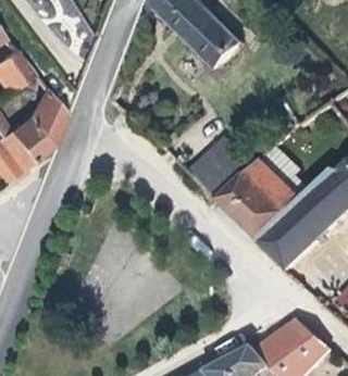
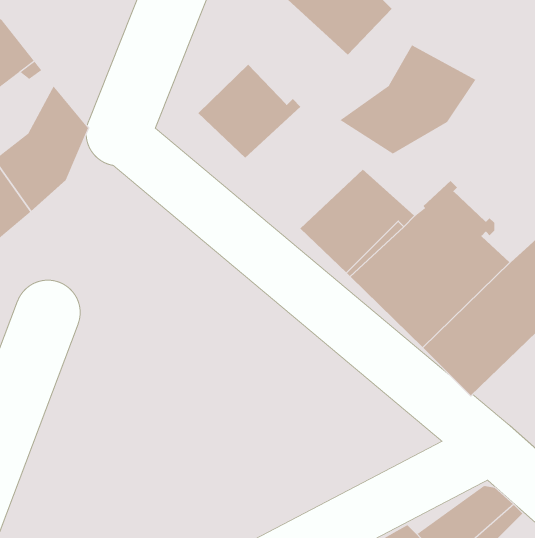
building: none -> [339,44,476,154]
building: none -> [198,64,301,159]

